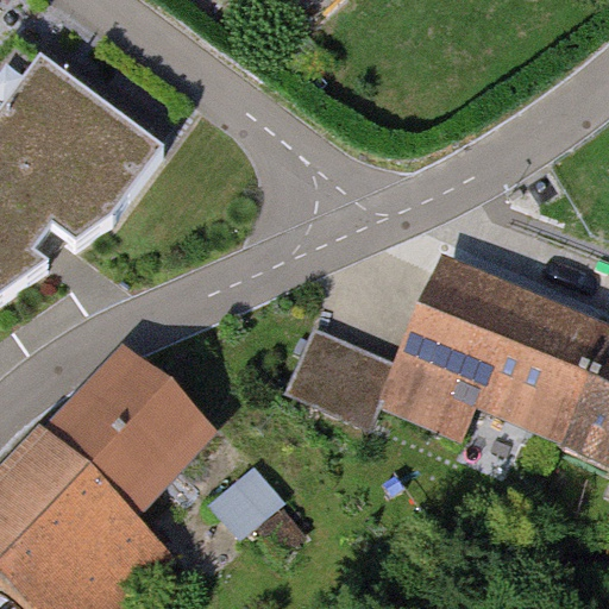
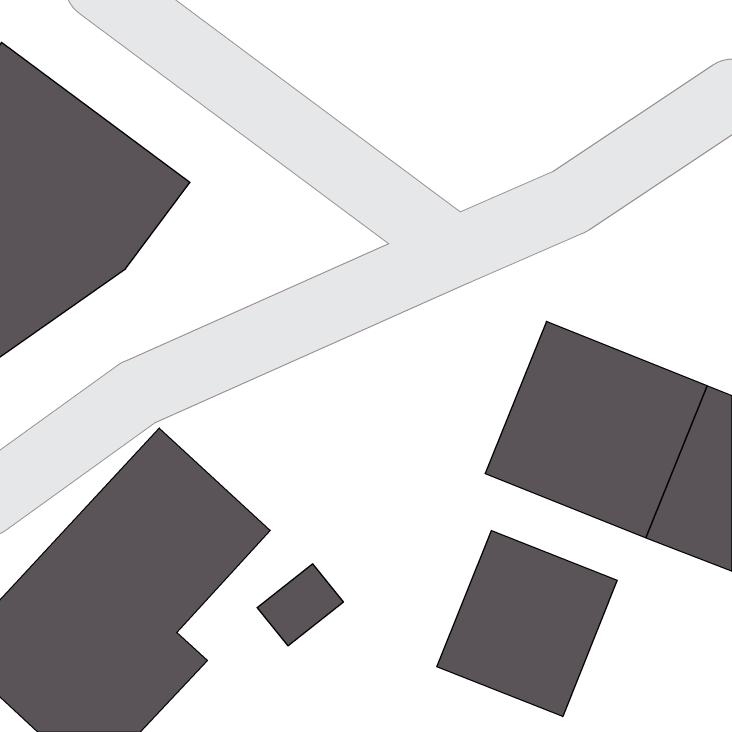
building: [284,319,397,420] -> none
building: none -> [437,531,617,717]

